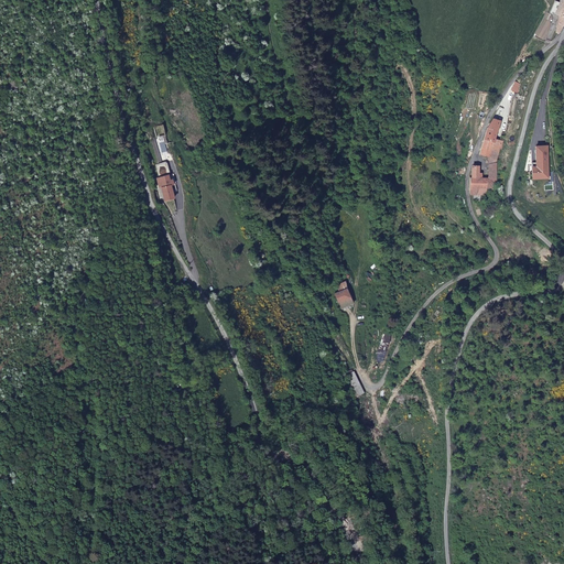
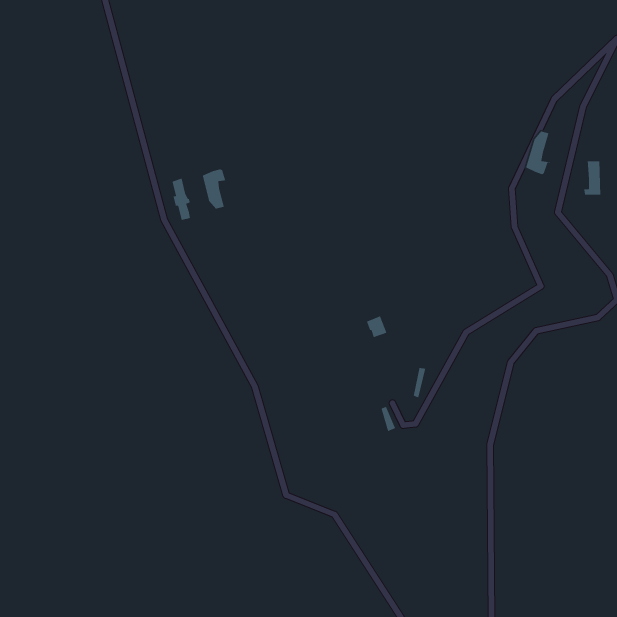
building: none -> [202,168,228,209]
building: [469,163,497,195] -> none

